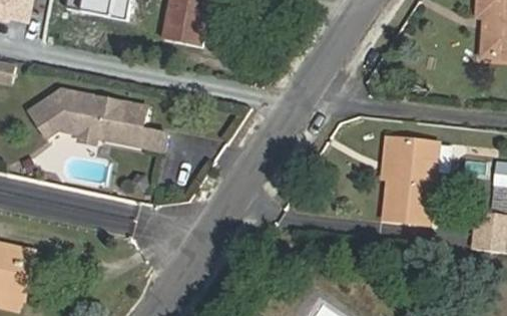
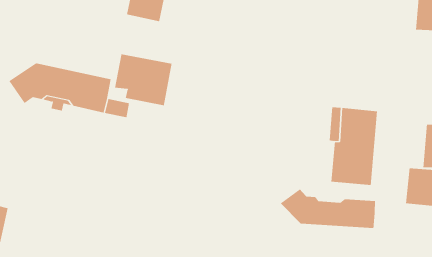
building: none -> [114,53,172,106]
building: none -> [280,189,376,229]

